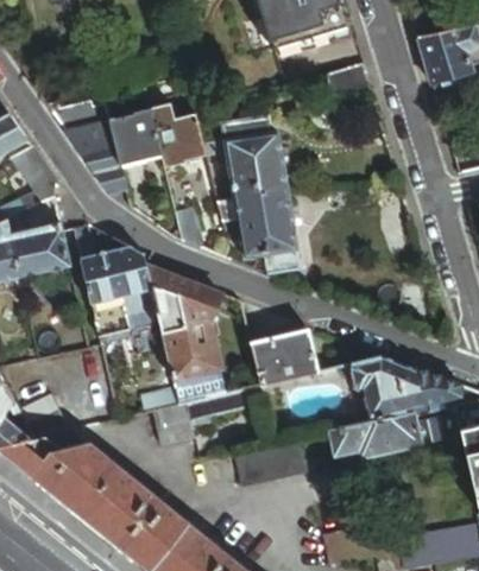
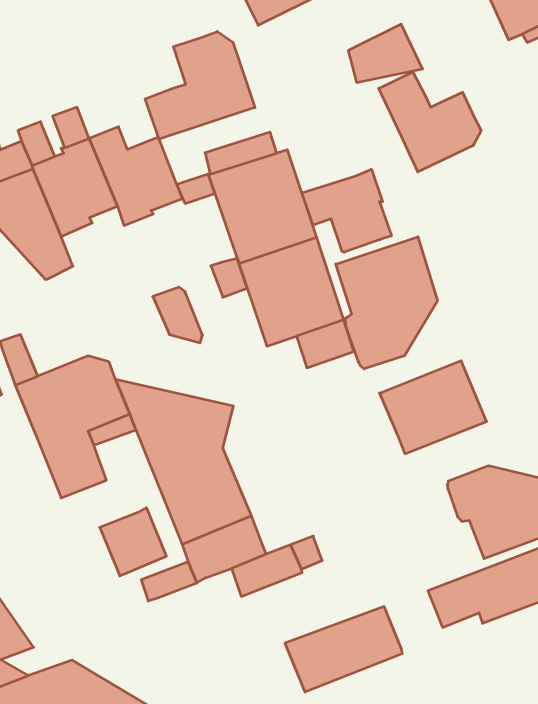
building: none -> [145,31,255,139]
building: none -> [379,72,481,172]
building: none -> [302,169,391,252]
building: none -> [336,237,437,369]
building: [251,330,317,385] -> [379,361,487,454]
building: [152,402,193,444] -> [100,508,166,576]

